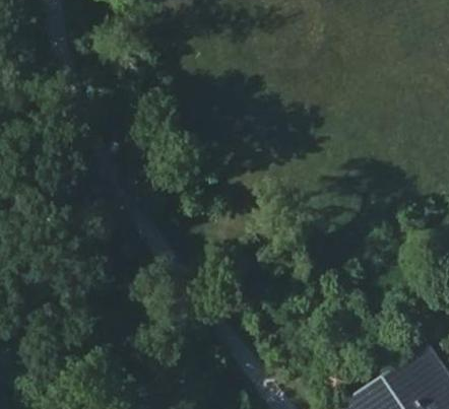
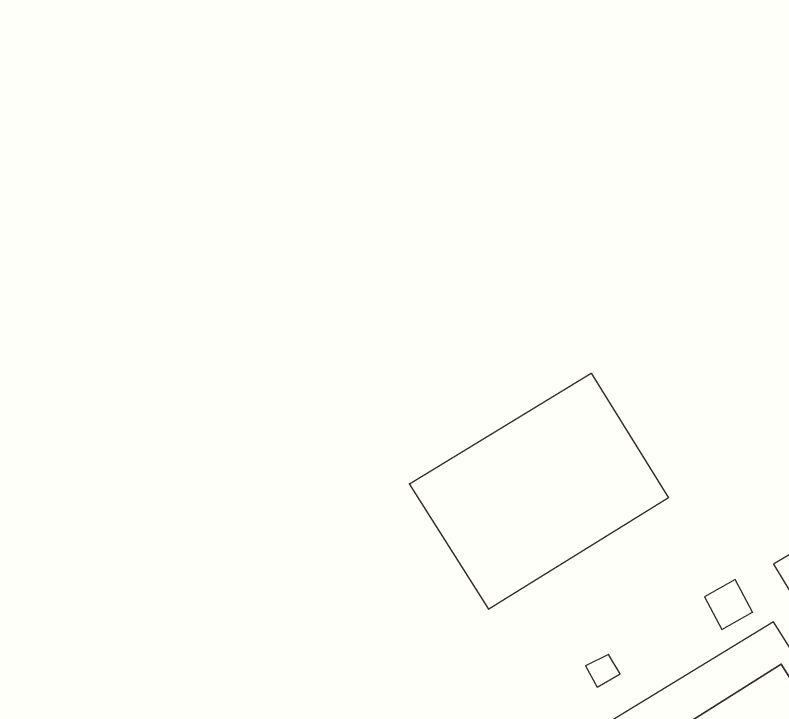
building: none -> [409,373,668,609]

